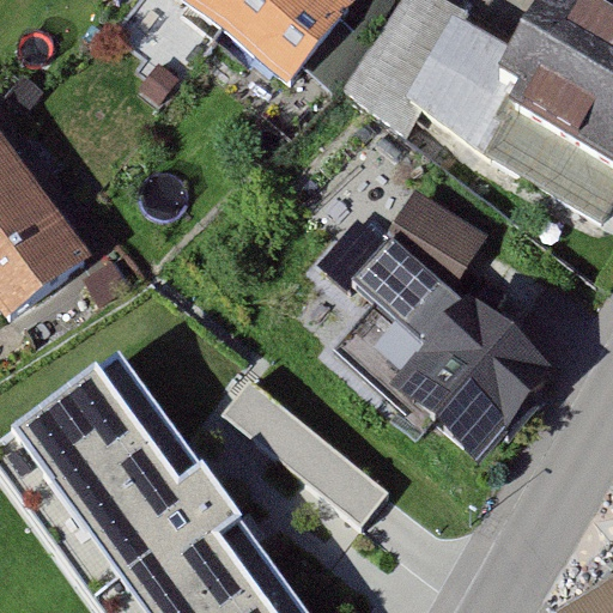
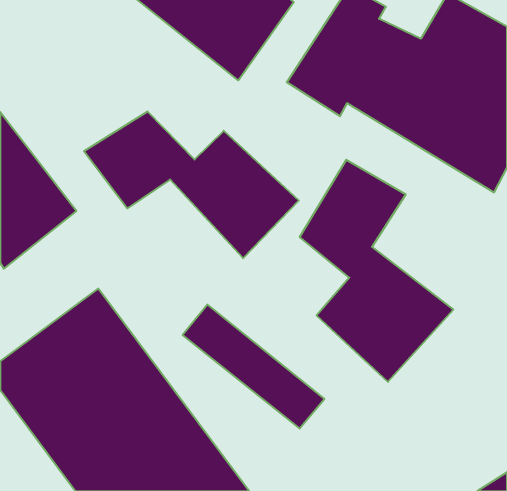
building: none -> [84,111,299,258]

